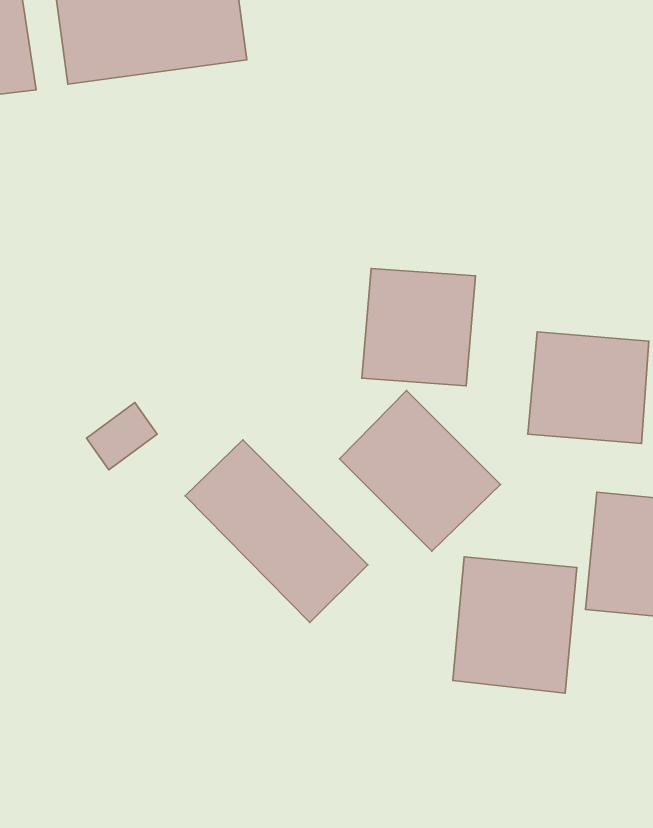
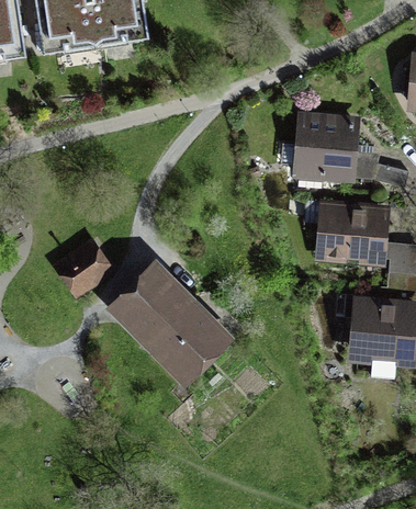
building: [362,268,475,386] -> [293,112,360,181]
building: [339,390,500,551] -> none
building: [453,557,577,693] -> none

